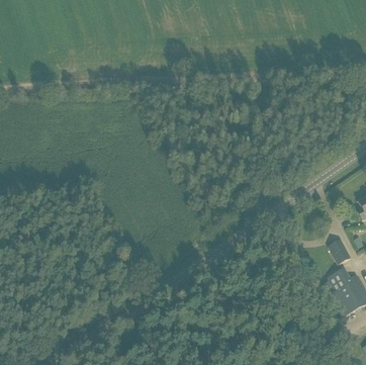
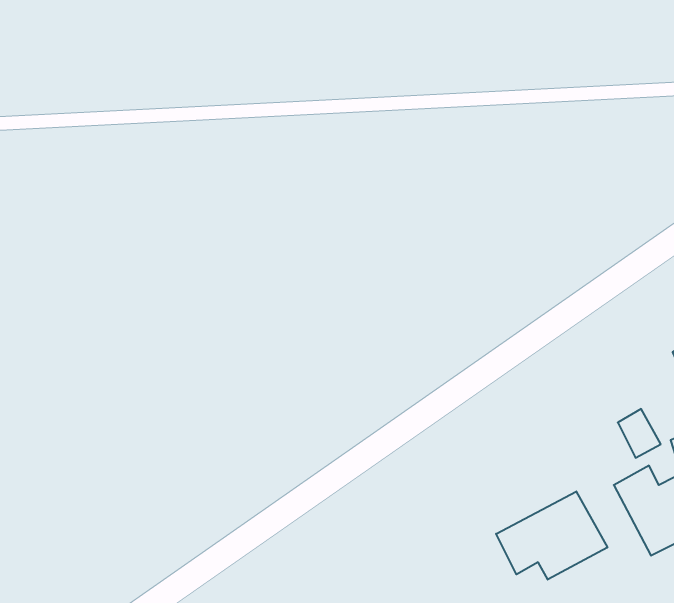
building: none -> [496,491,607,580]

